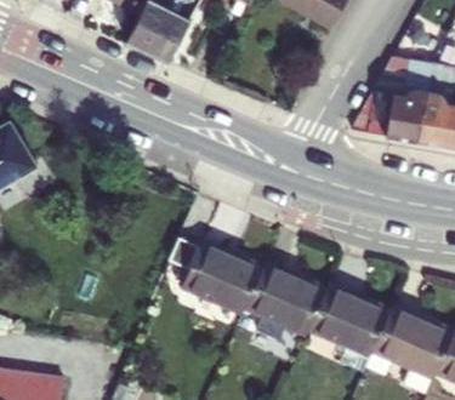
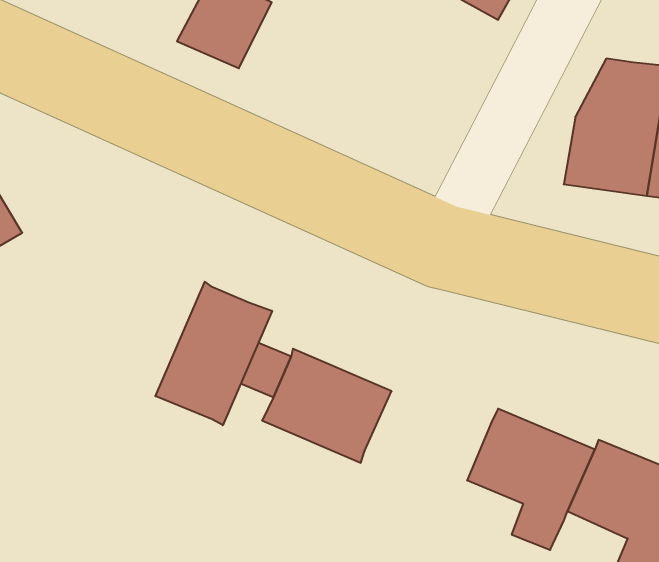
building: none -> [155,282,272,425]
building: [246,261,326,331] -> none

